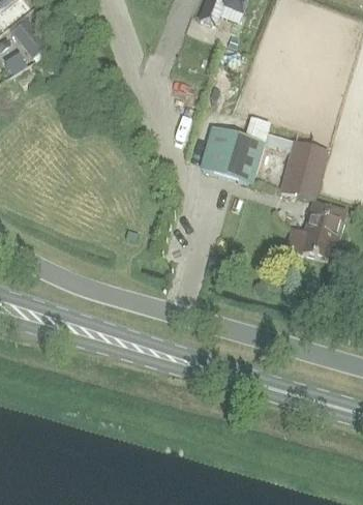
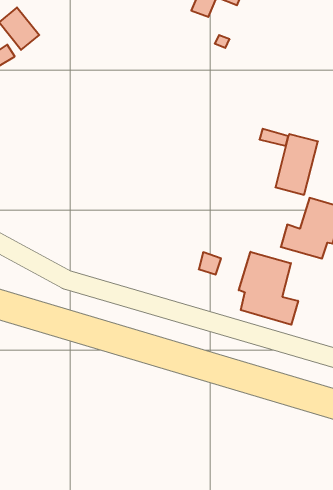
building: [198,124,264,181] -> none
building: none -> [239,252,298,325]

